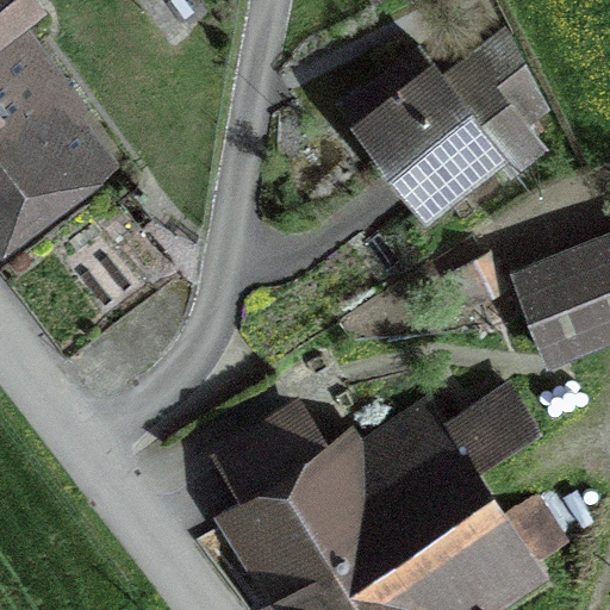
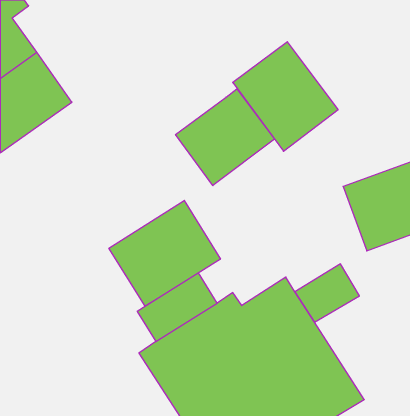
building: [443,39,546,174] -> none
building: none -> [176,89,274,186]
building: none -> [109,200,220,306]

